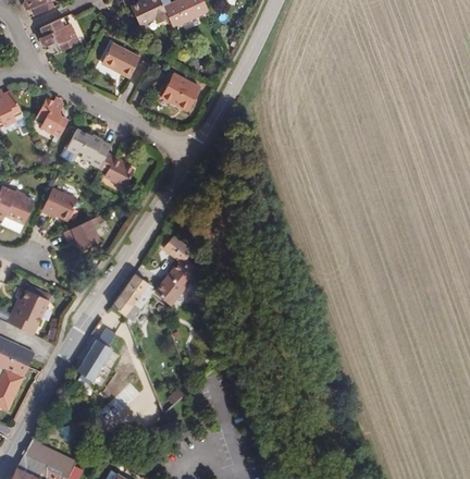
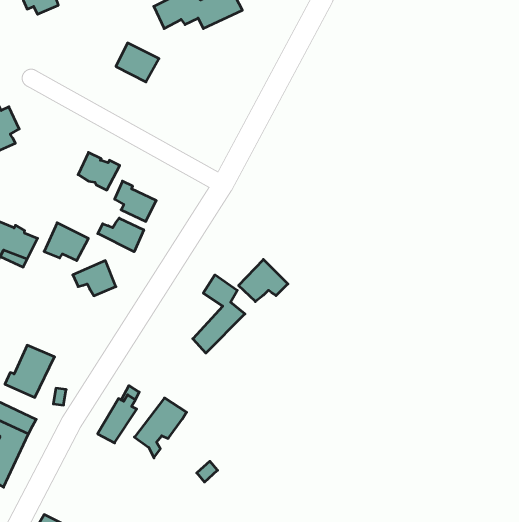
building: [36,20,76,51] -> none
building: [159,72,197,106] -> none
building: [34,100,64,139] -> none
building: none -> [98,218,144,252]
building: none -> [239,259,288,302]
building: [114,269,158,319] -> [134,398,187,458]

